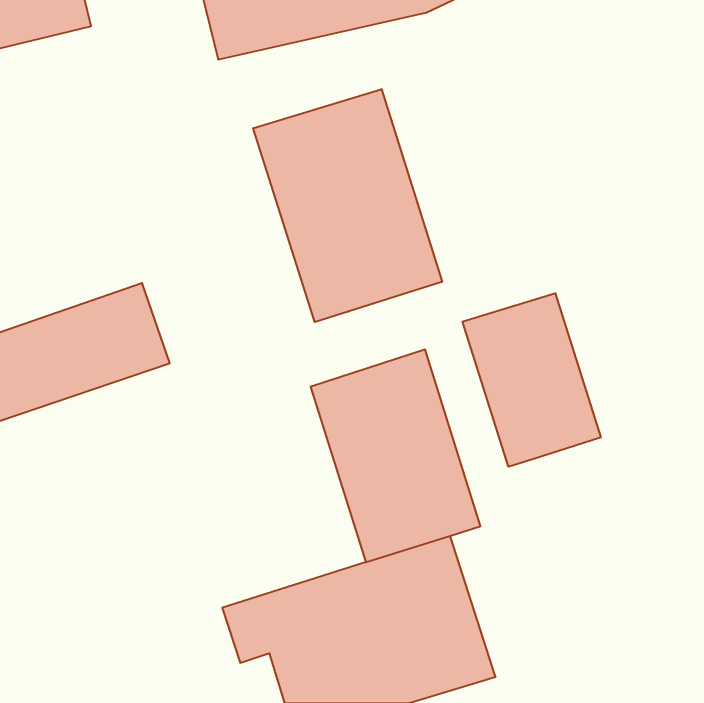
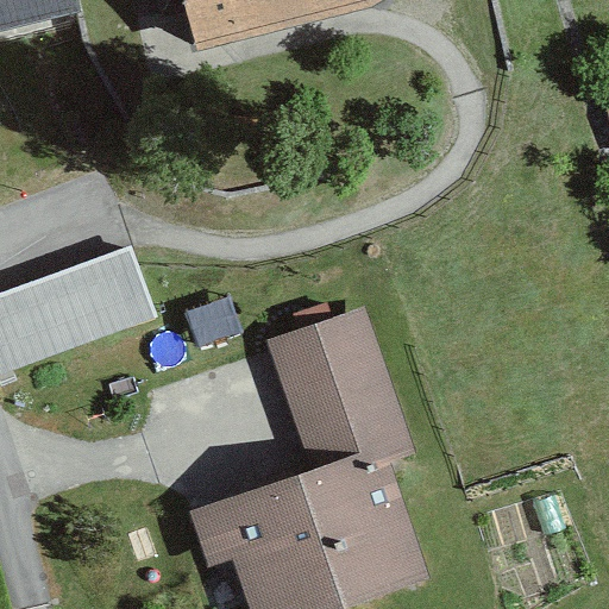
building: [253,89,442,322] -> none
building: [463,293,601,467] -> none

